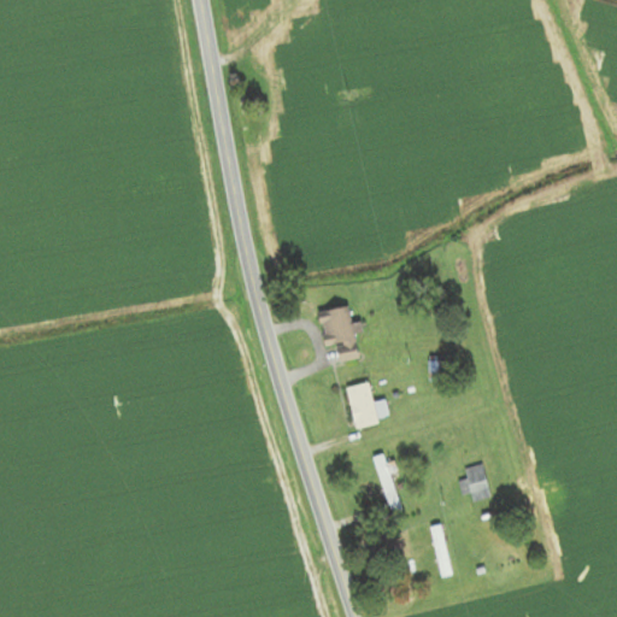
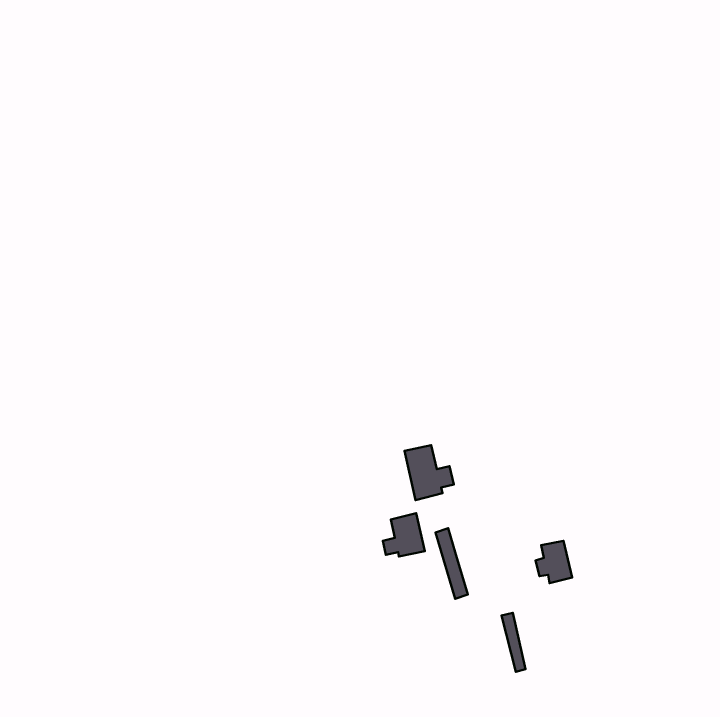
building: [318,304,359,360] -> none
building: none -> [383,513,425,557]

